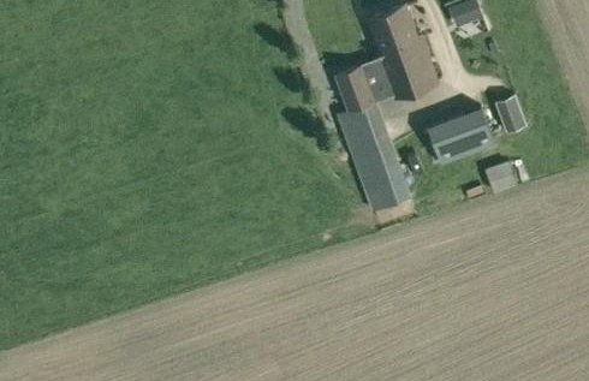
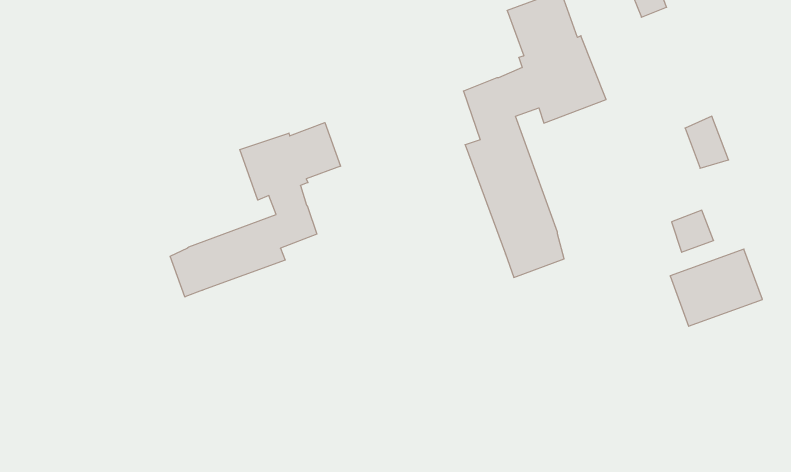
building: none -> [170,123,341,297]
building: [428,108,494,163] -> [670,249,762,326]

